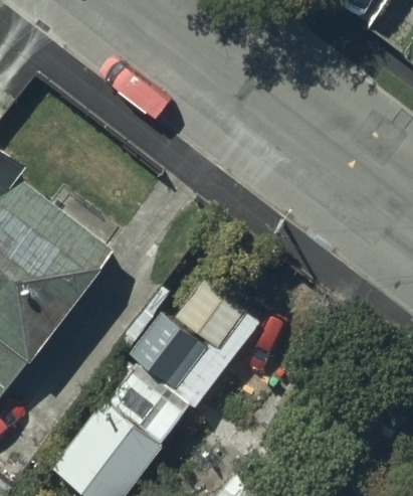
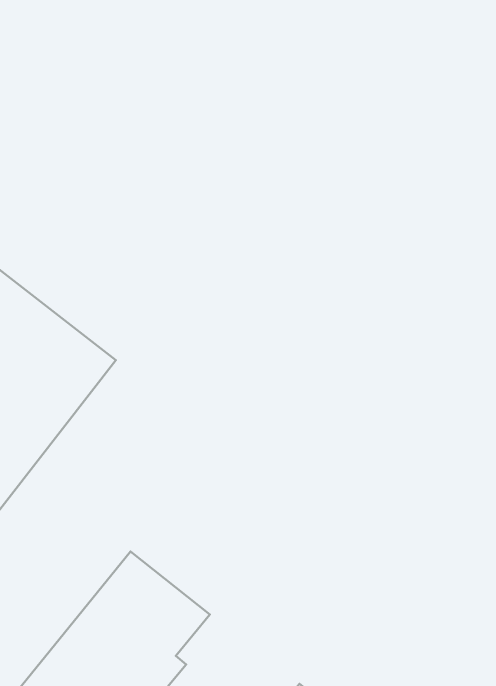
building: [133,286,245,403] -> none

